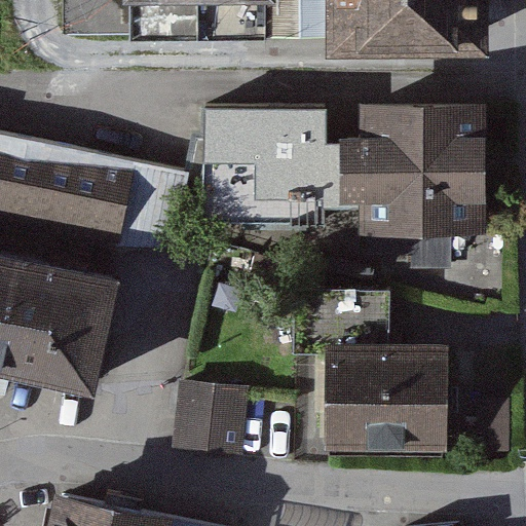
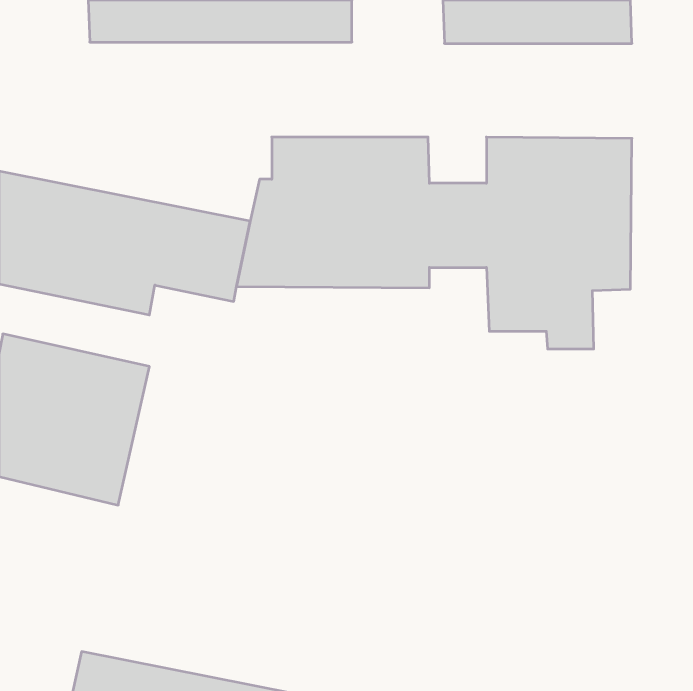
building: [313,294,441,453] -> none
building: [176,373,254,451] -> none

